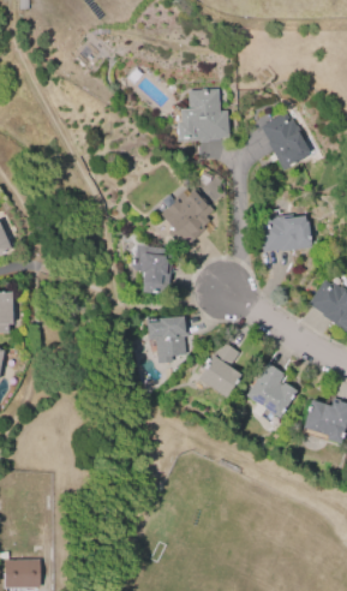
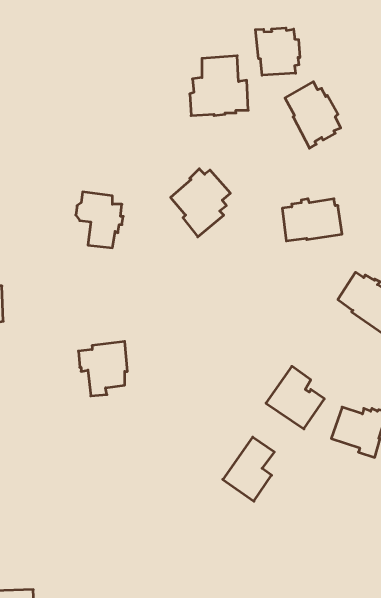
building: none -> [255,28,300,75]
building: [132,244,174,293] -> [76,192,123,248]
building: [148,314,191,362] -> [78,341,127,396]
building: [197,340,243,396] -> [223,437,274,501]

